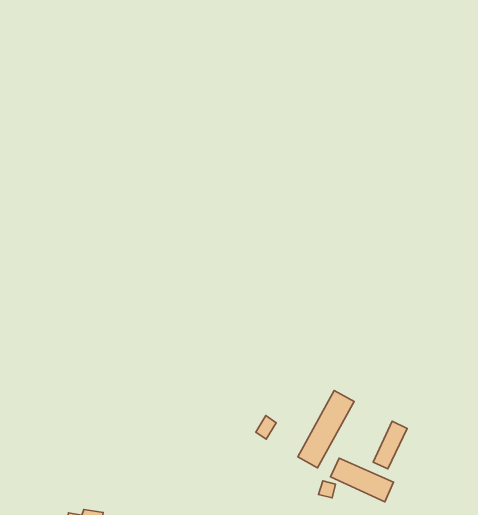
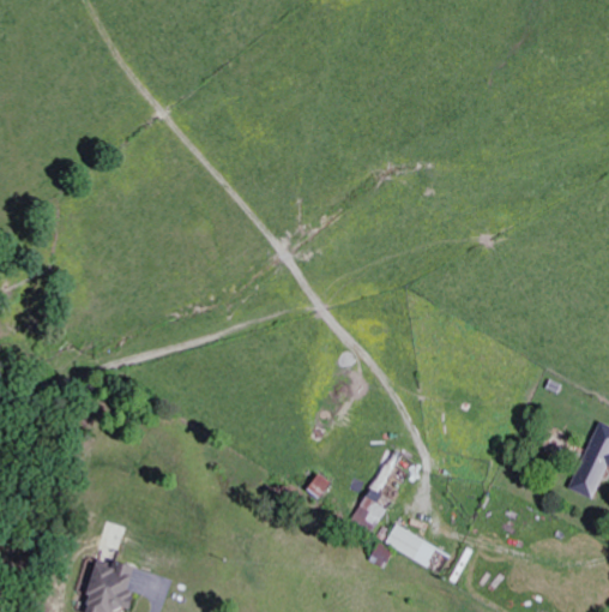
building: [373,421,407,469] -> none

